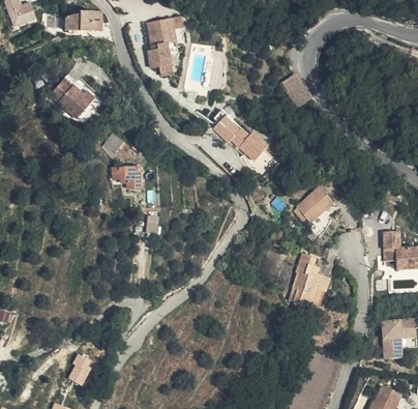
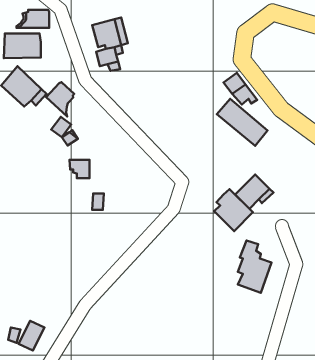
building: none -> [4,33,41,58]
building: none -> [46,82,74,116]
building: [207,107,262,157] -> [217,99,268,146]
building: none -> [214,189,253,231]

